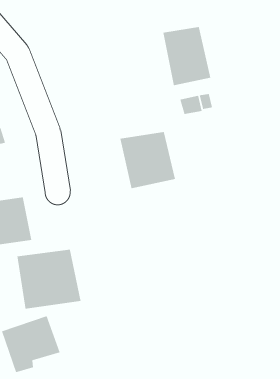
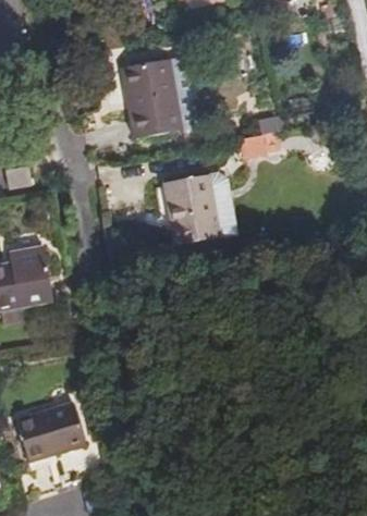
building: [163,26,211,86] -> [119,64,179,137]
building: [17,249,81,309] -> none

